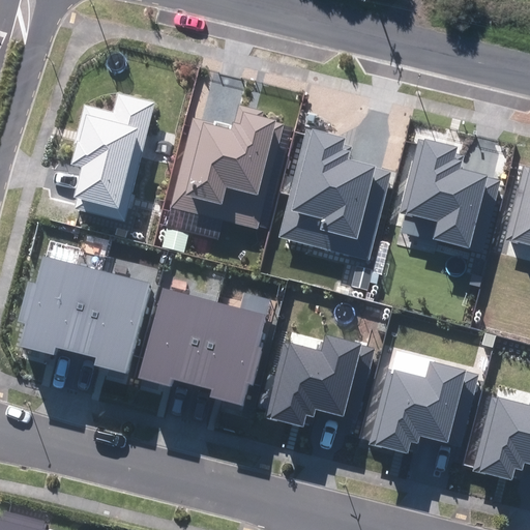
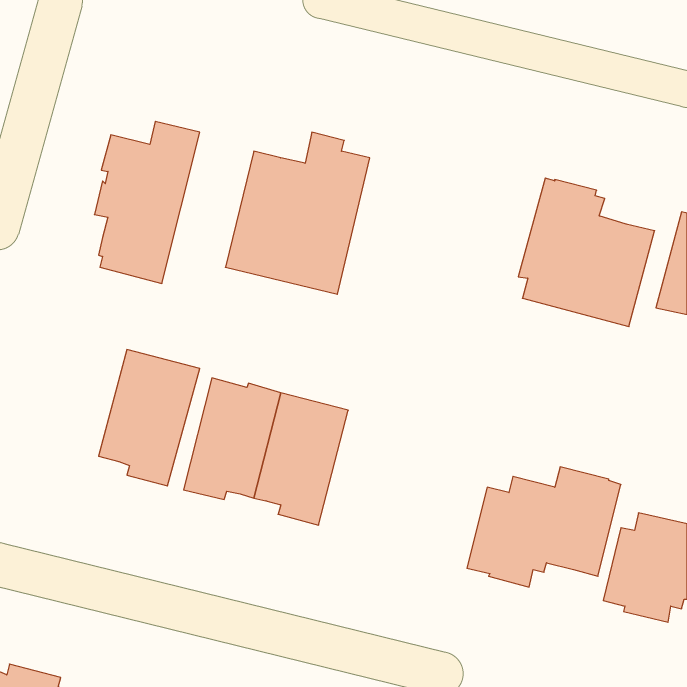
building: [278,128,391,260] -> none
building: [21,257,97,355] -> none
building: [264,334,374,425] -> none

